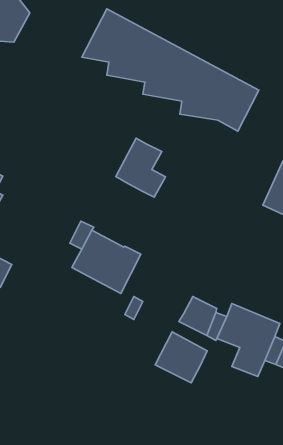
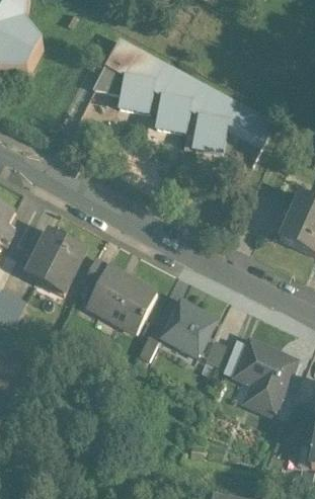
building: [116,138,166,197] -> none
building: none -> [26,229,83,286]
building: [155,332,207,383] -> [160,298,213,349]

